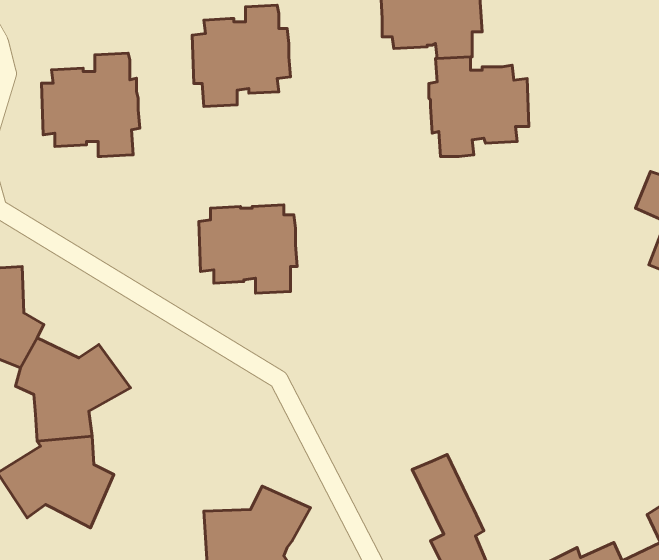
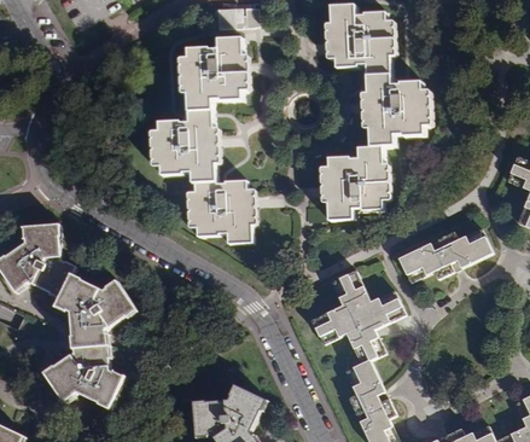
building: [42,53,140,156] -> [153,106,225,181]
building: none -> [315,144,389,219]
building: none -> [400,228,493,280]
building: none -> [309,269,404,365]

